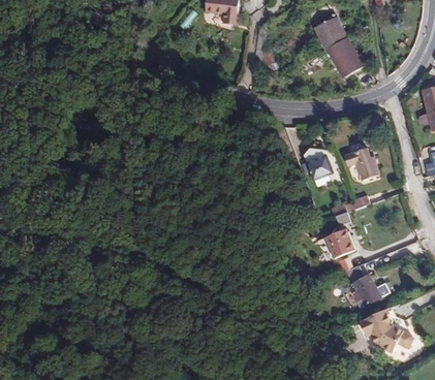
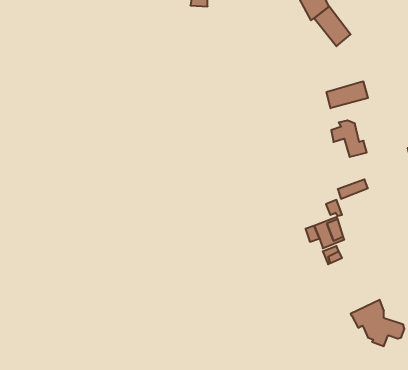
building: none -> [327,81,368,108]
building: [309,155,334,180] -> none
building: [355,273,382,305] -> none

